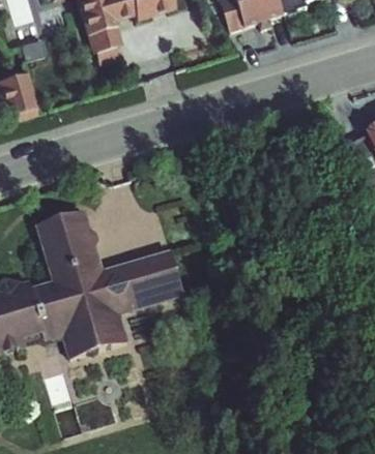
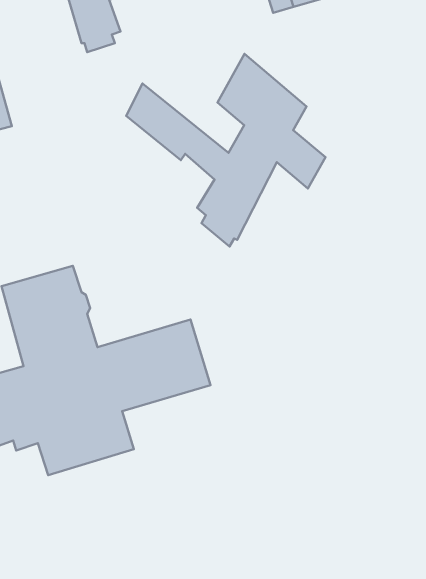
building: none -> [126,54,326,246]

